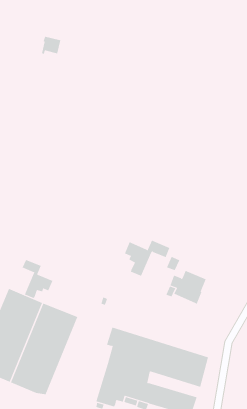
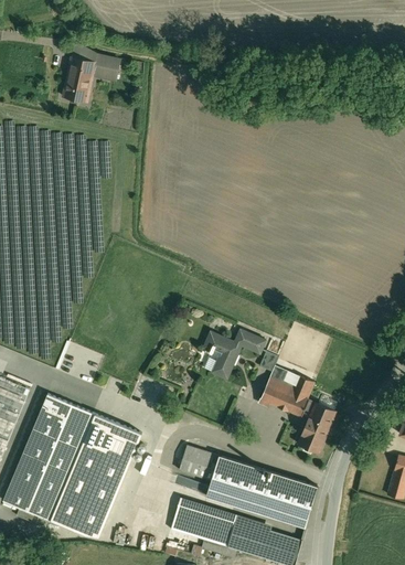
building: none -> [63,57,95,104]
building: [22,259,53,299] -> none
building: none -> [297,399,337,452]

